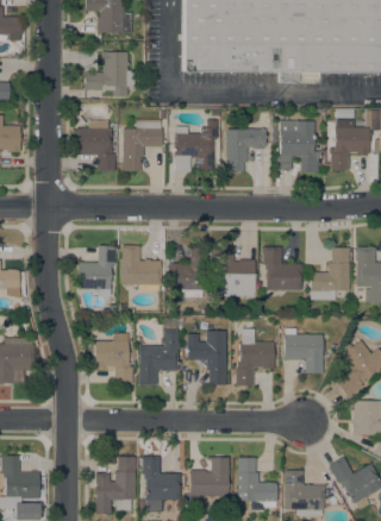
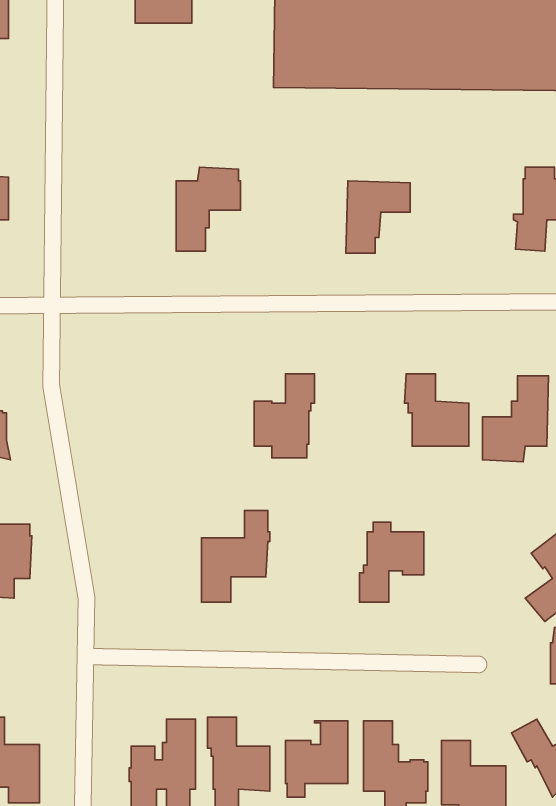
building: [86,51,136,96] -> none
building: [77,119,115,171] -> none
building: [175,119,219,172] -> none
building: [277,120,321,172] -> none
building: [79,245,117,296] -> none
building: [123,245,162,284] -> none
building: [217,246,256,296] -> none
building: [285,328,324,374] -> none
building: [187,331,227,385] -> none
building: [95,333,133,384] -> none

